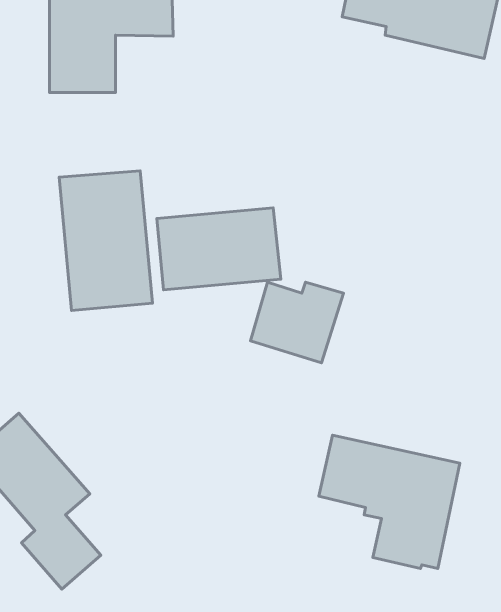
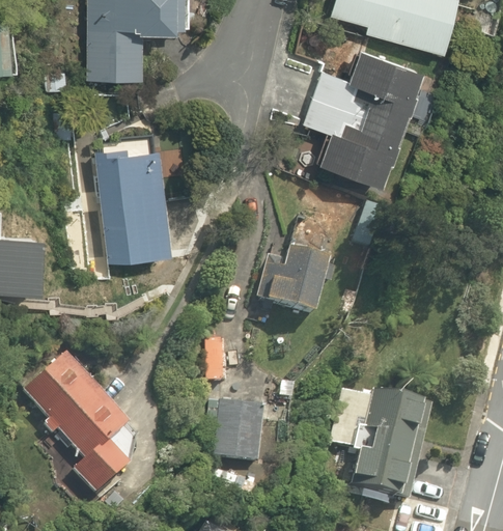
building: none -> [303,52,426,191]
building: [157,208,281,290] -> none
building: none -> [207,401,261,458]

